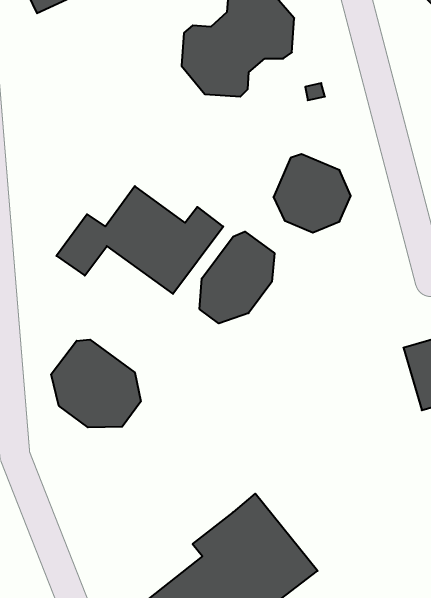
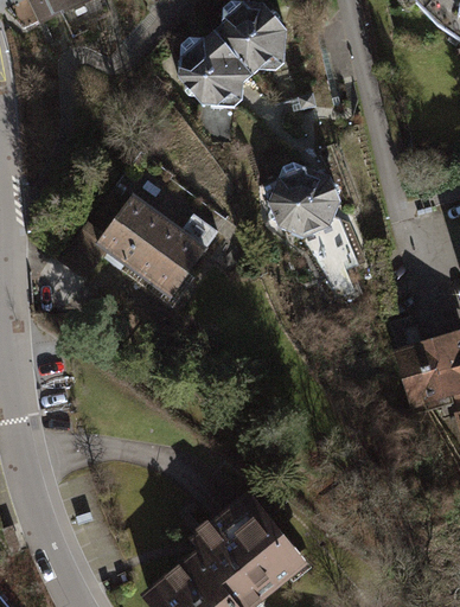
building: [200,232,275,323] -> none
building: [51,340,141,427] -> none

